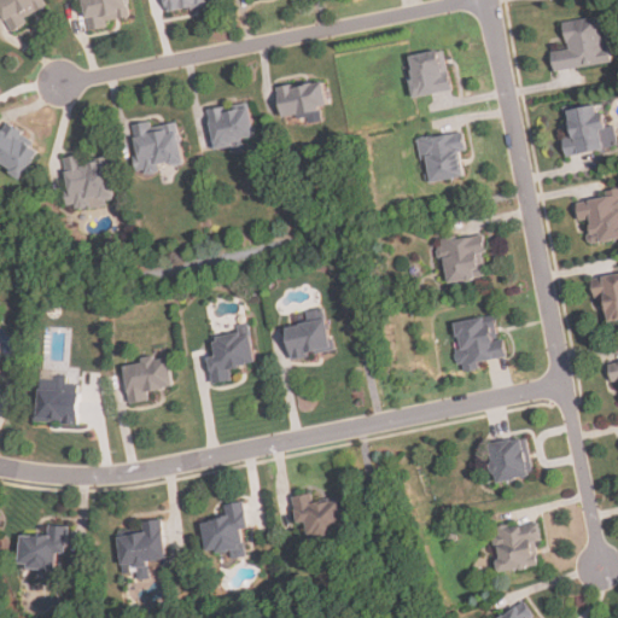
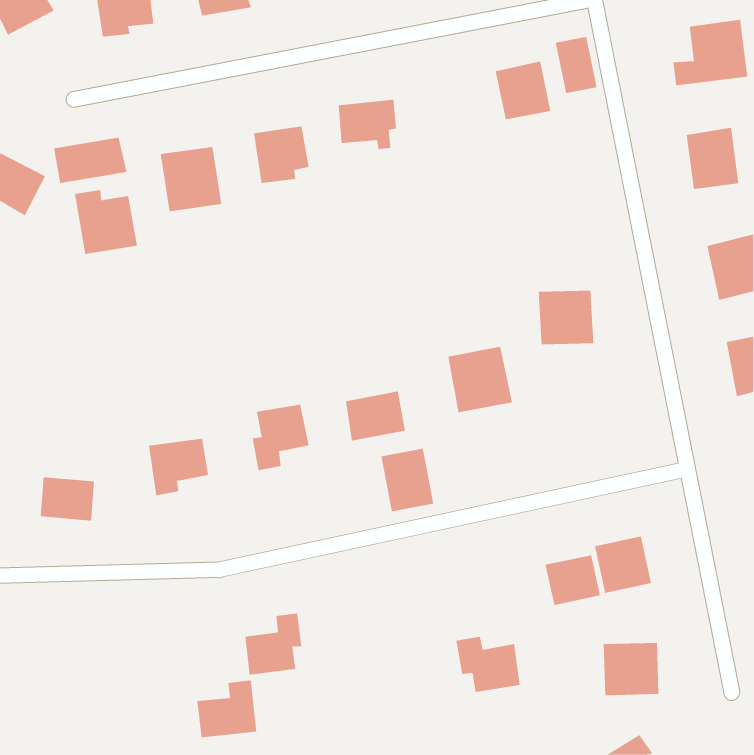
building: none -> [555,36,597,94]
building: none -> [54,137,127,184]
building: [416,132,464,182] -> none
building: [450,315,503,369] -> [448,346,513,413]
building: none -> [381,448,434,512]
building: none -> [545,555,601,606]
building: [290,490,343,536] -> [455,636,521,692]
building: [115,517,164,564] -> [197,680,257,738]
building: [16,523,65,578] -> none

